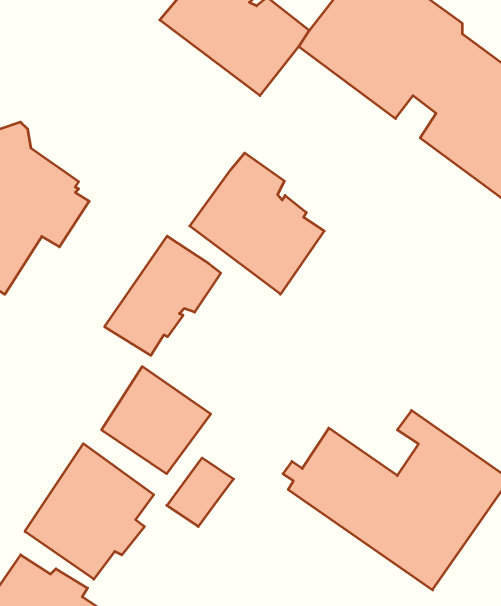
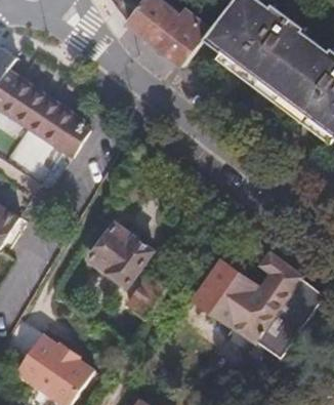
building: [190,153,324,294] -> none
building: [105,236,221,355] -> none
building: [25,444,154,579] -> none

